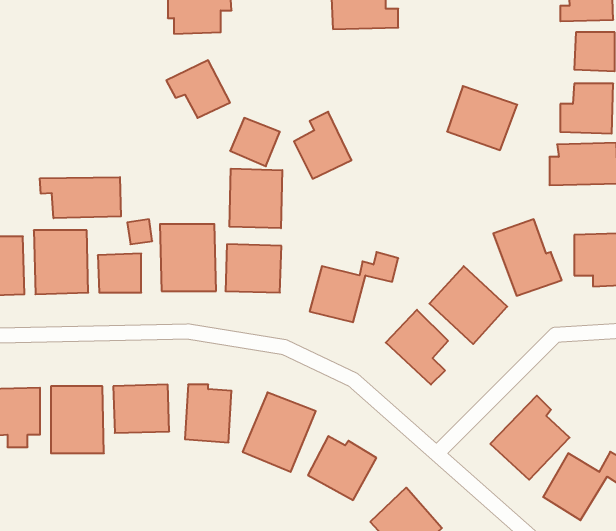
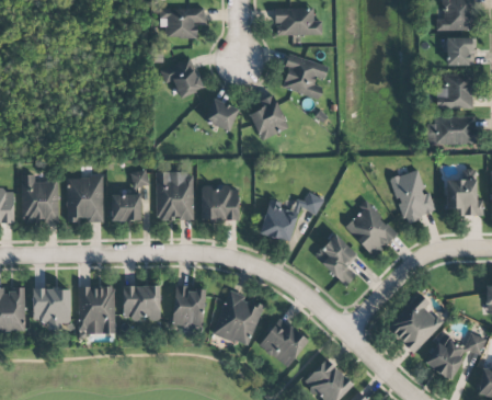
building: [447,86,517,150] -> [281,54,330,99]
building: [230,169,282,228] -> none
building: [40,177,121,218] -> none

